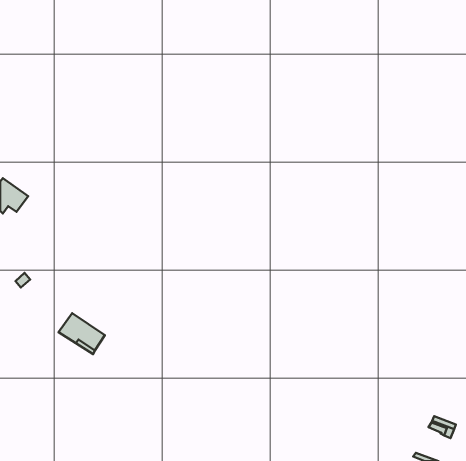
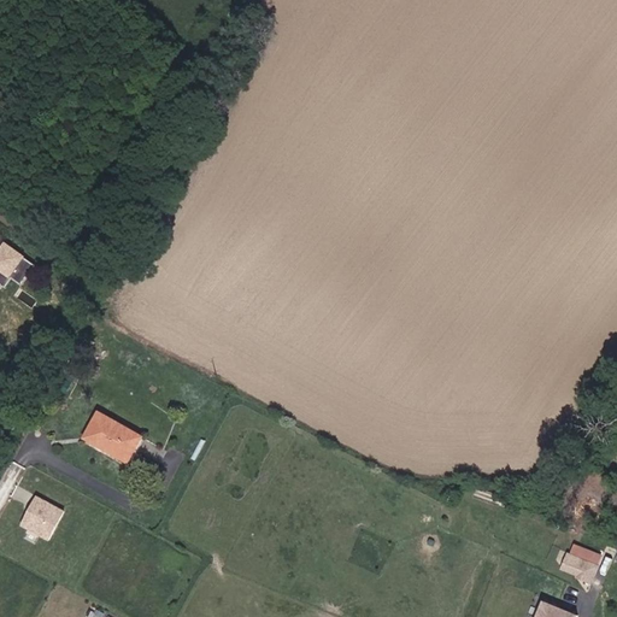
building: none -> [20,489,64,533]

